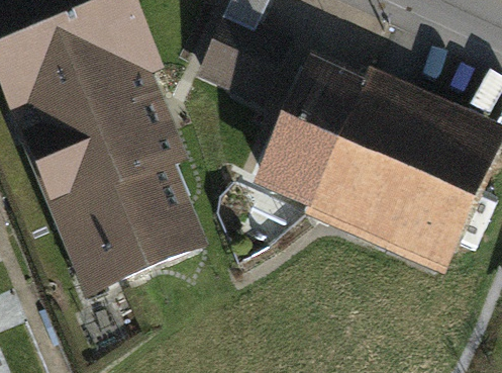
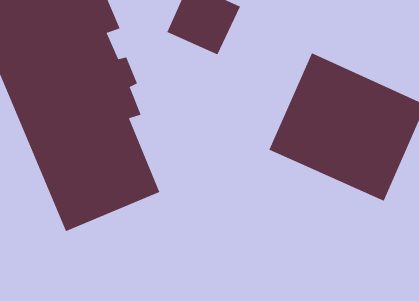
building: [266,75,367,203] -> none

